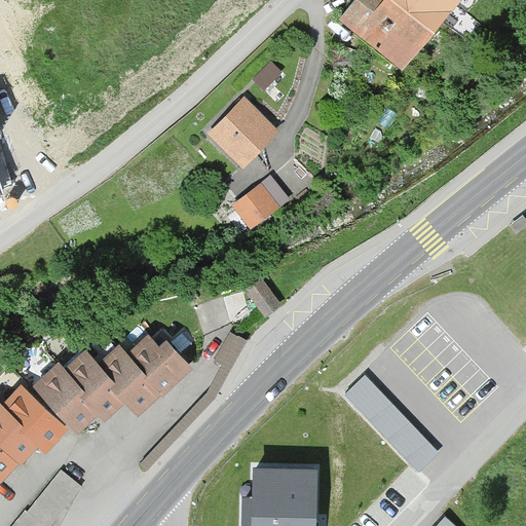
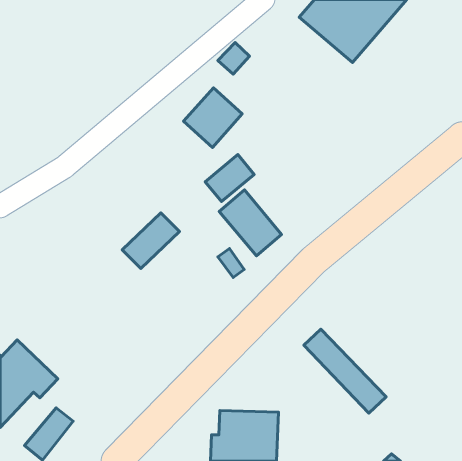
building: none -> [219,190,282,256]
building: none -> [122,213,179,269]
building: [32,335,191,434] -> none

